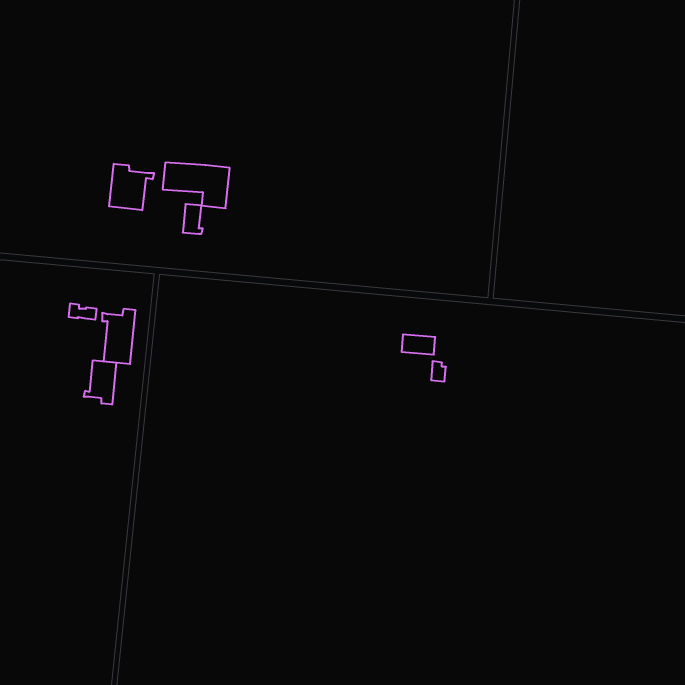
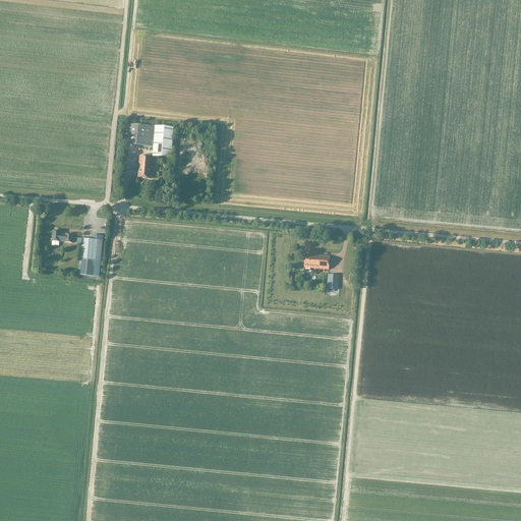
building: [109,164,154,210] -> none
building: [84,360,116,405] -> none

